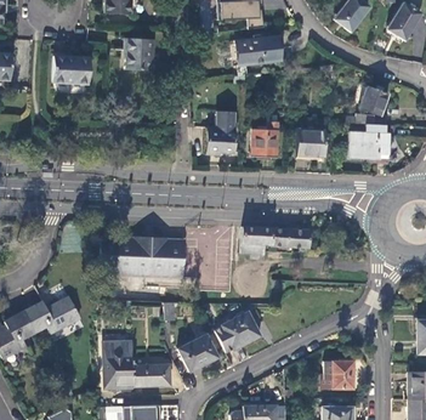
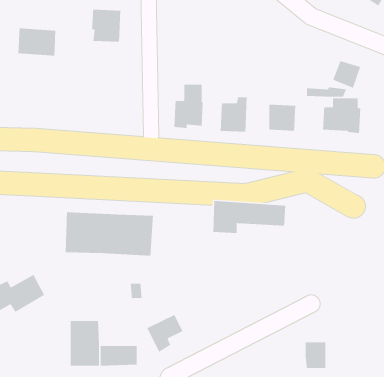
building: [231,38,279,67] -> none
building: [215,312,261,352] -> none

